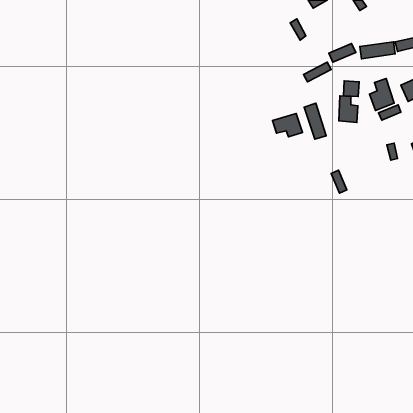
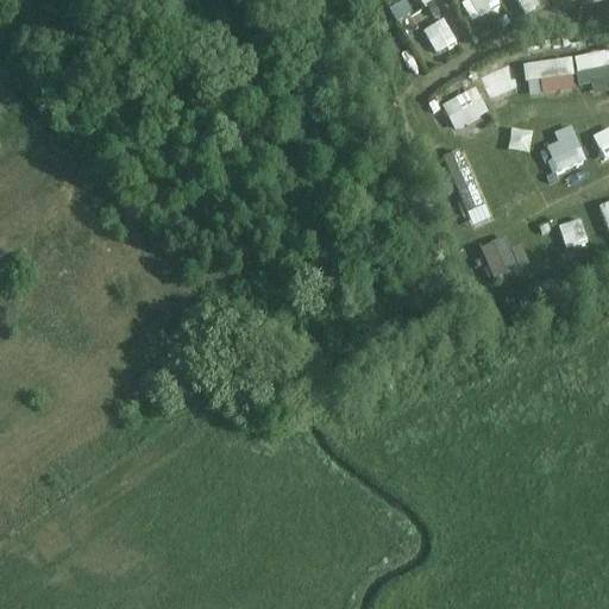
building: [339,96,358,123] -> none
building: [272,114,303,137] -> none

